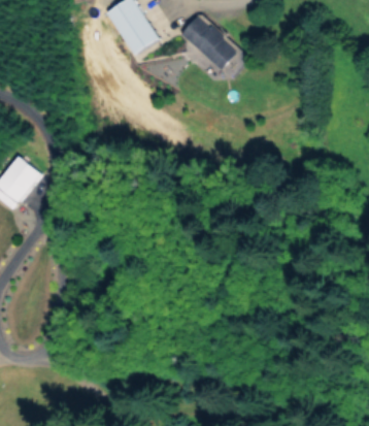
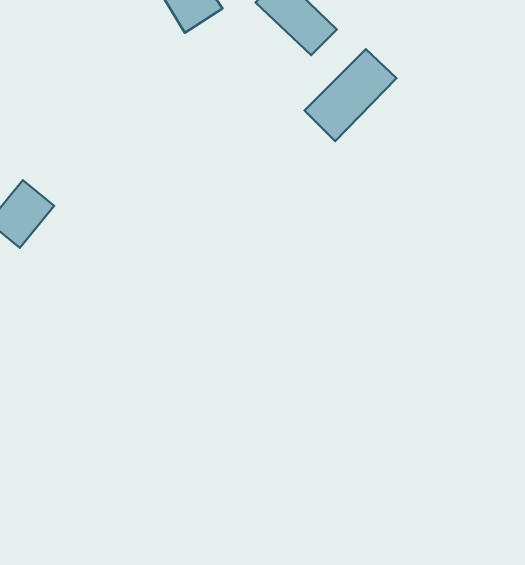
building: none -> [305,49,396,141]

